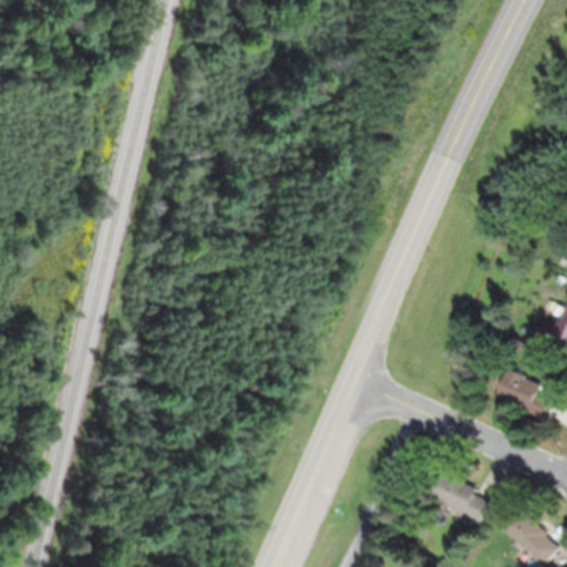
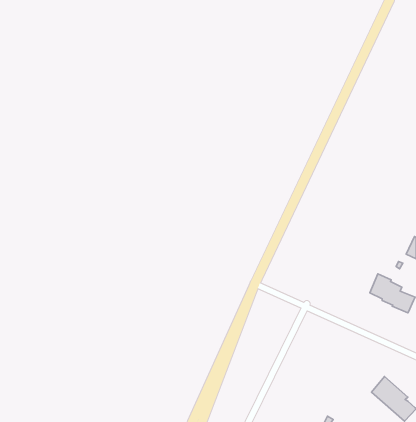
building: [427,472,488,527] -> none

